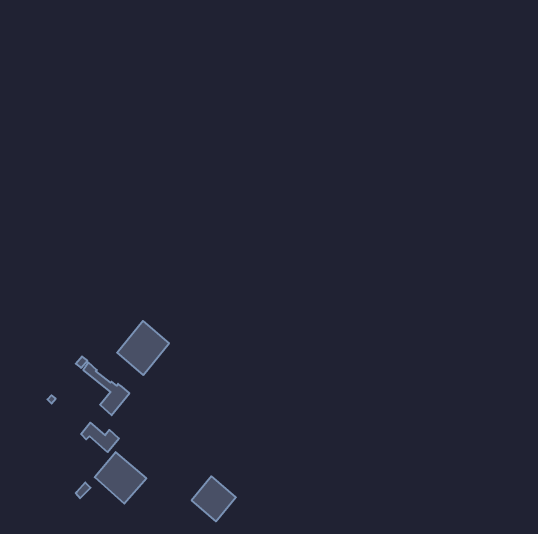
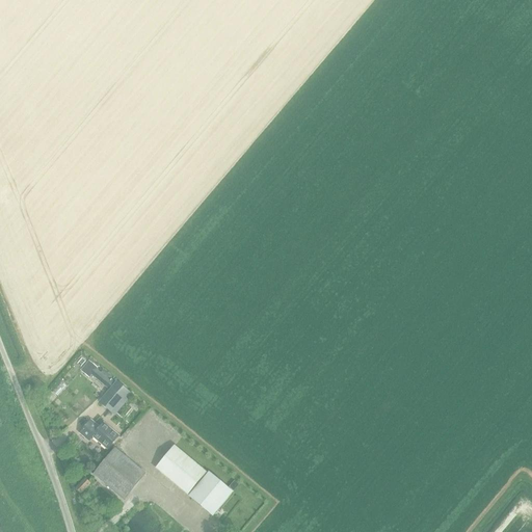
building: [117,321,169,375] -> none
building: none -> [159,447,204,489]

